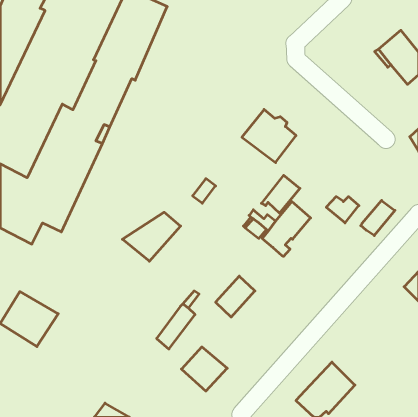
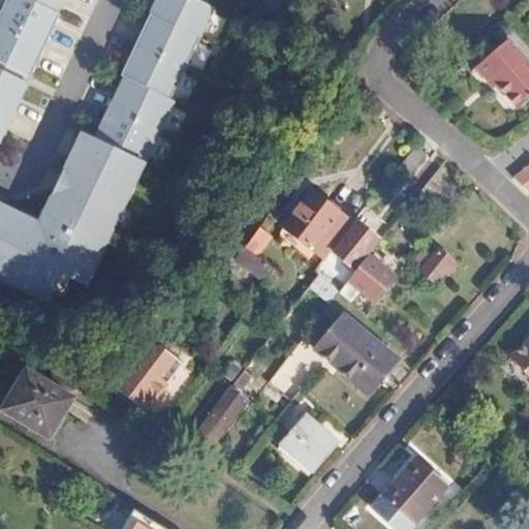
building: [242,109,296,163] -> [283,191,351,258]
building: [361,200,395,236] -> none
building: [122,212,181,261] -> [108,344,182,406]
building: none -> [315,312,398,393]
building: [181,347,227,391] -> [281,411,339,467]

